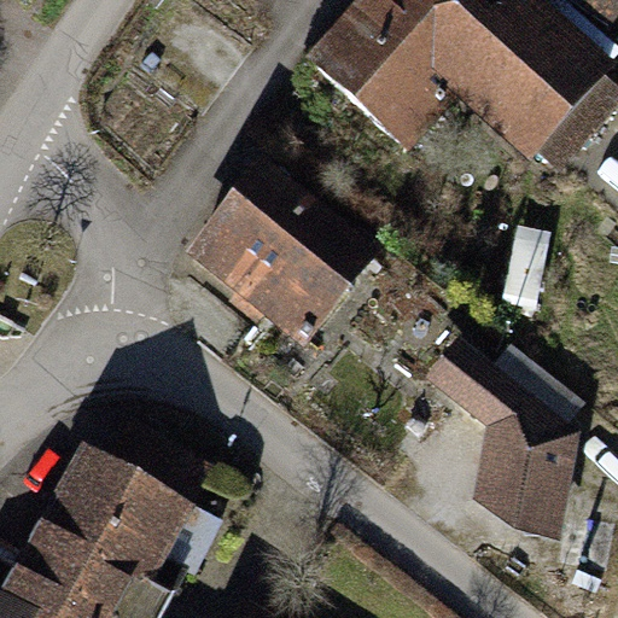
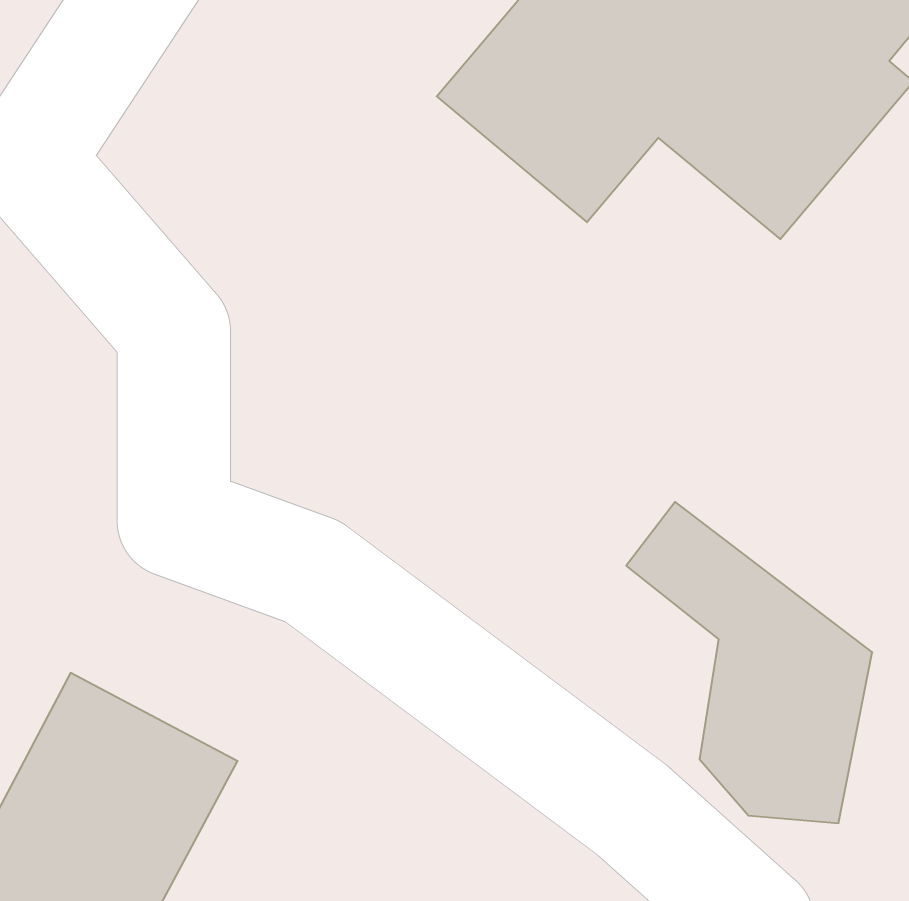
building: [190,151,385,342] -> none

